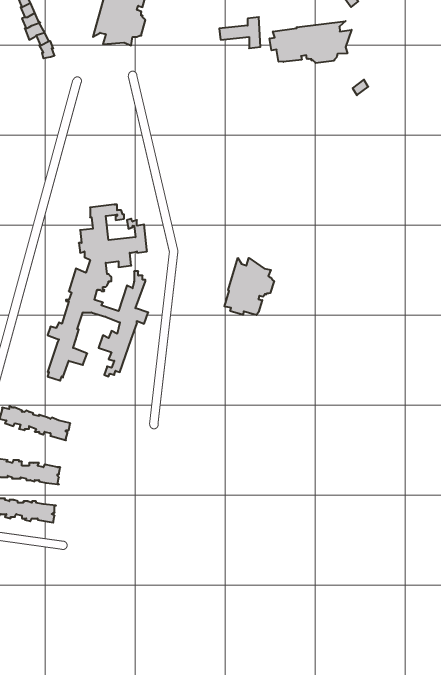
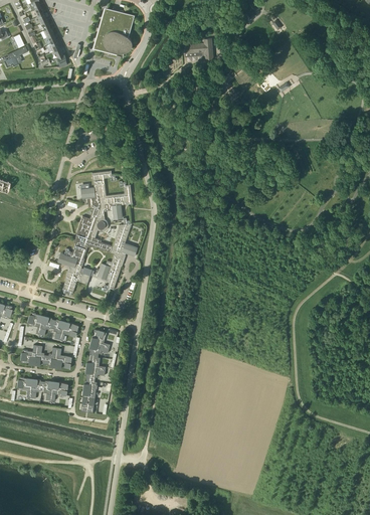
building: [270,21,352,63] -> none
building: [224,258,274,315] -> none
building: none -> [81,330,105,405]

